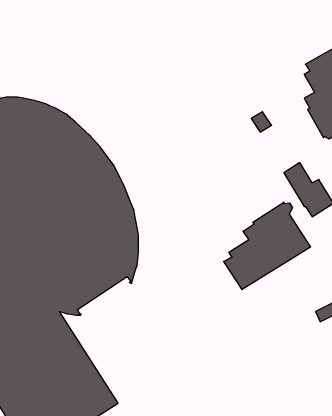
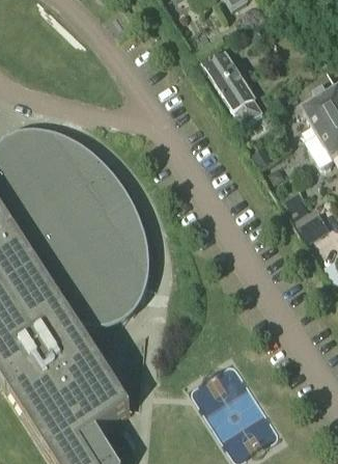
building: none -> [202,44,262,121]
building: [224,202,311,290] -> none

